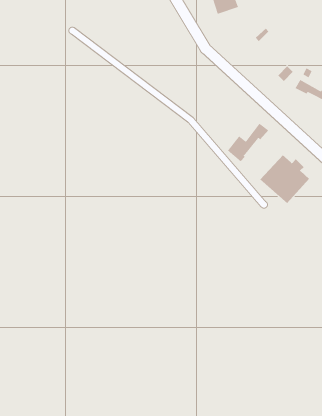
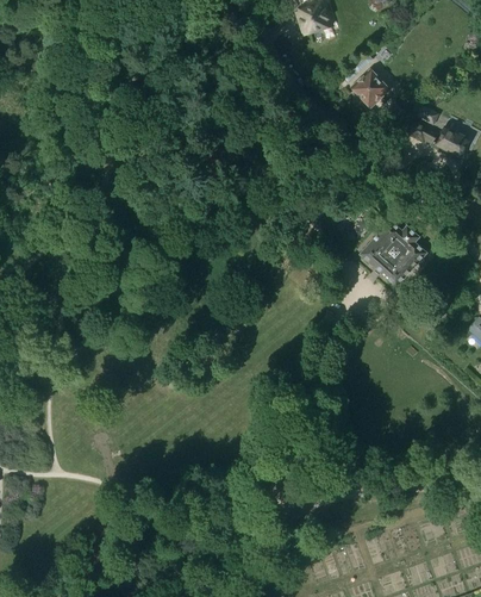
building: none -> [351,70,388,107]
building: [227,123,269,162] -> none

